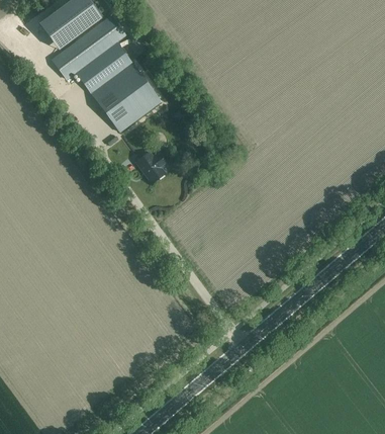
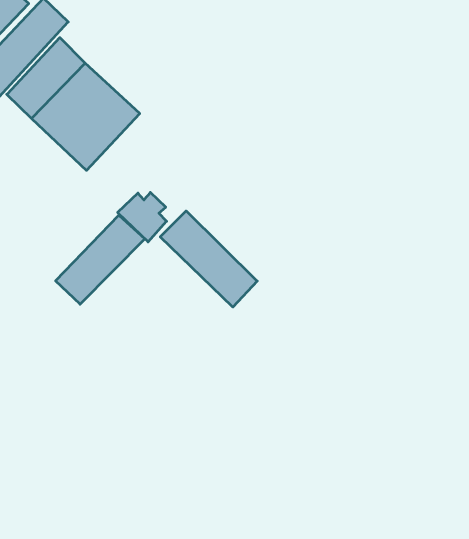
building: none -> [56,215,145,304]
building: none -> [160,211,257,307]

